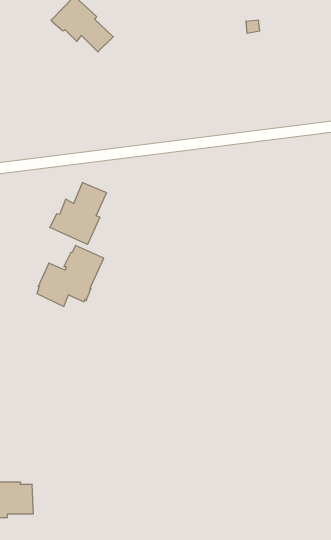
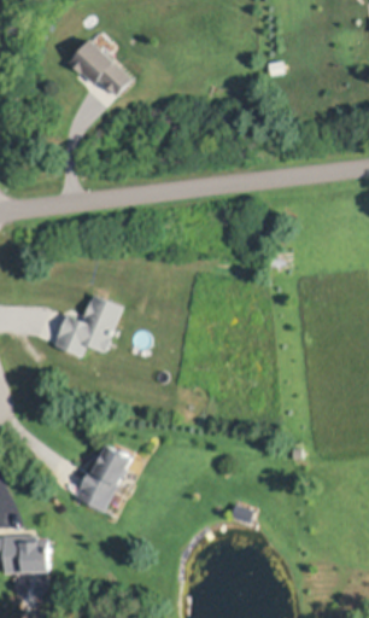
building: [50,182,107,244] -> none
building: none -> [76,443,131,511]

